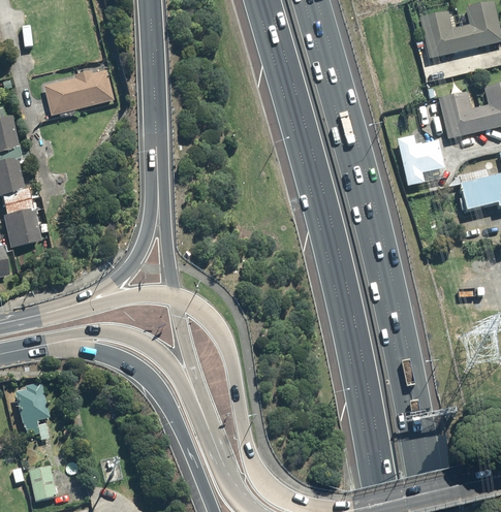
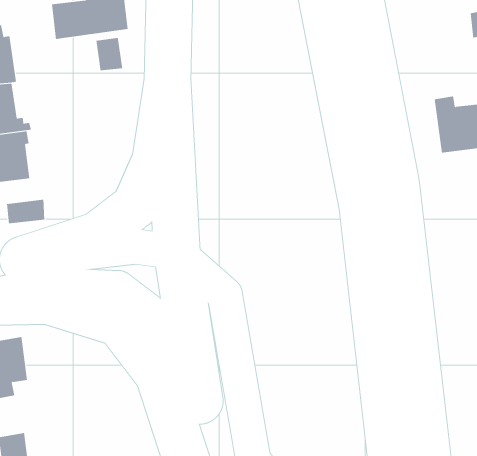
building: none -> [96,37,123,71]
building: none -> [6,199,45,224]

